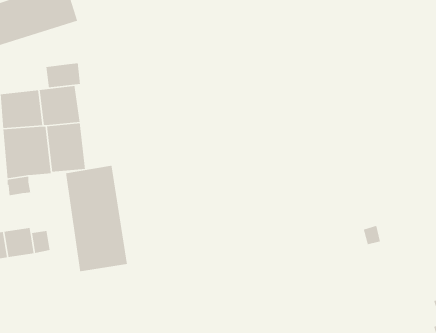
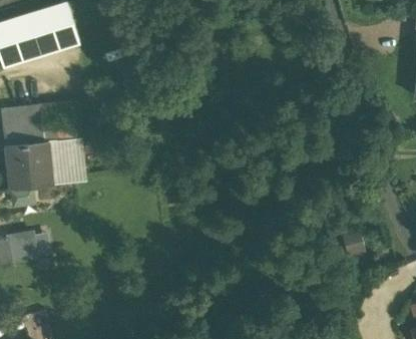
building: [46,63,81,88] -> none
building: [65,165,128,272] -> none

